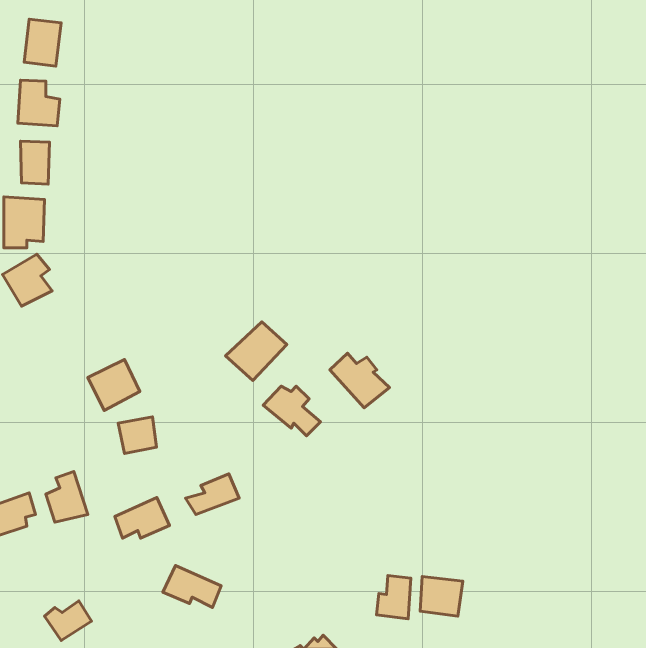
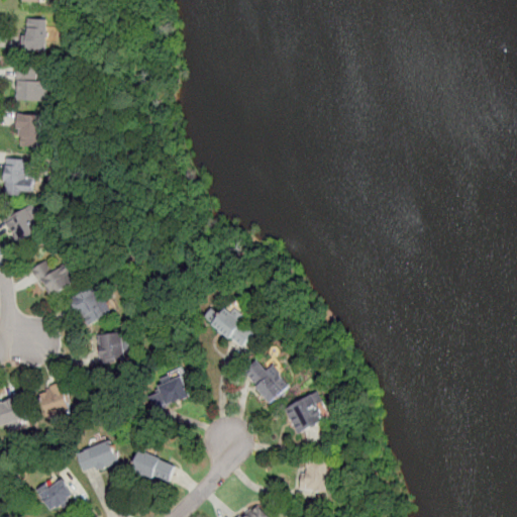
building: [226,322,287,381] -> none
building: none -> [27,258,75,296]
building: [330,353,390,408] -> [242,360,290,404]
building: none -> [285,395,324,434]
building: [115,498,170,538] -> [76,439,119,472]
building: [420,576,463,616] -> none

